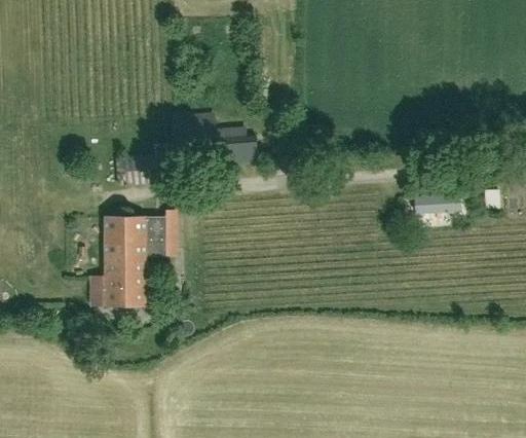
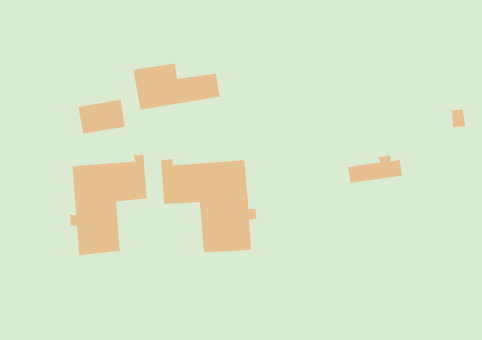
building: [403,191,457,216] -> [347,155,403,183]
building: none -> [161,159,257,253]

